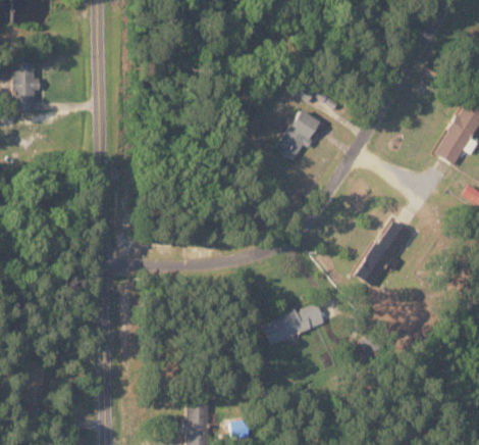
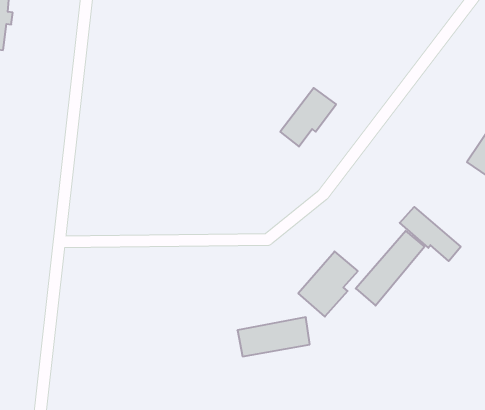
building: none -> [400,207,461,261]
building: none -> [298,251,358,317]

